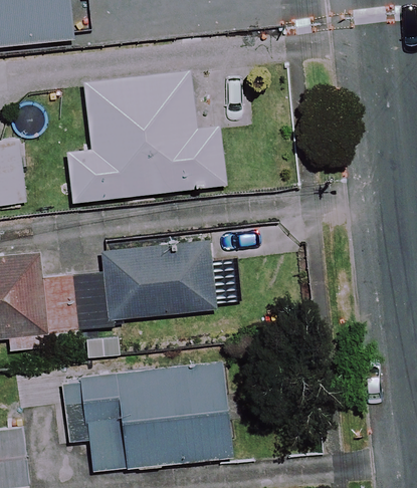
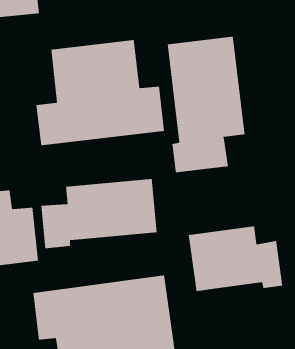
building: none -> [167,36,245,173]
building: none -> [188,226,283,292]

